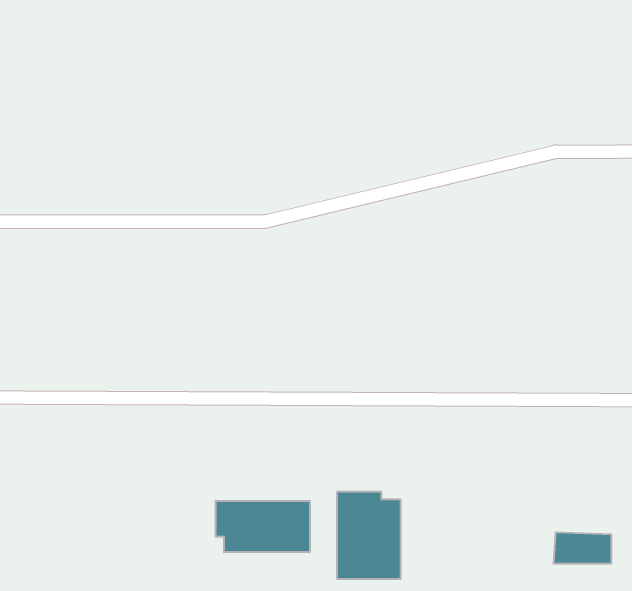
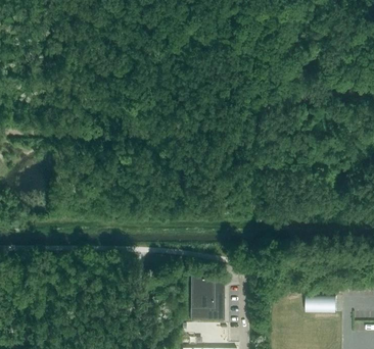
building: [216,501,310,552] -> none

